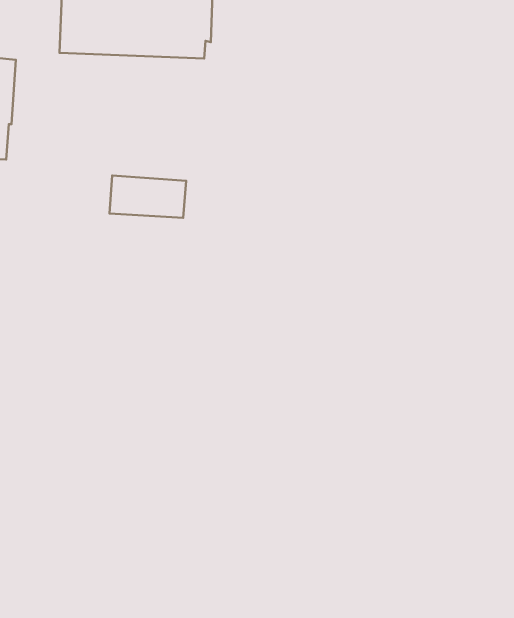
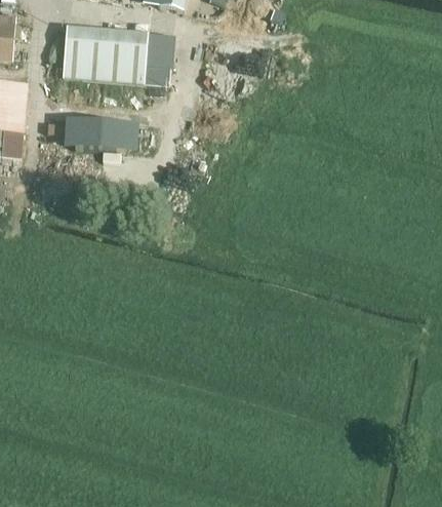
building: [110,175,186,218] -> [71,119,128,151]

